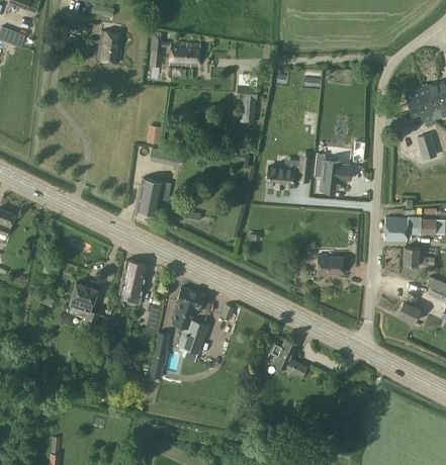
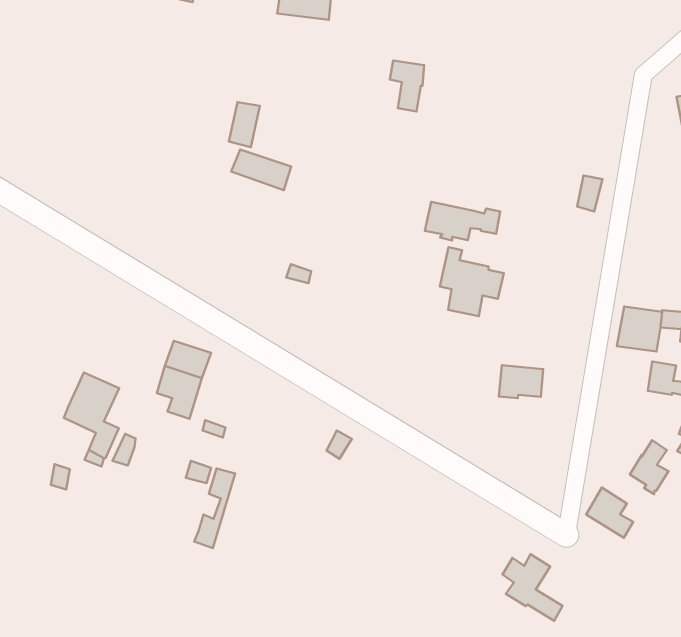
building: [314,153,350,191] -> [440,247,504,316]
building: [137,178,170,215] -> none
building: [173,286,207,352] -> none
building: none -> [586,488,633,538]
building: [270,339,306,376] -> [502,554,562,621]

